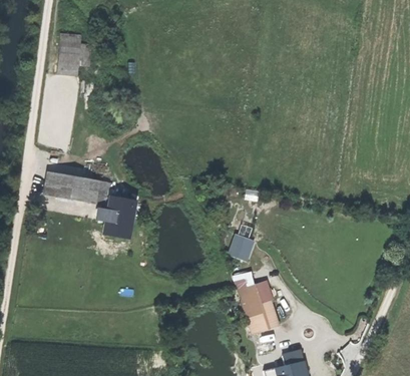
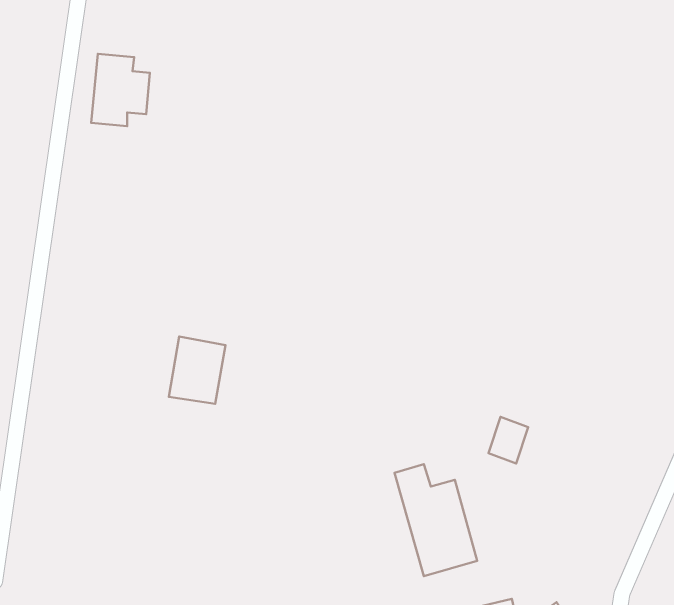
building: [43,171,108,206] -> none
building: [231,231,254,258] -> [488,417,528,464]

